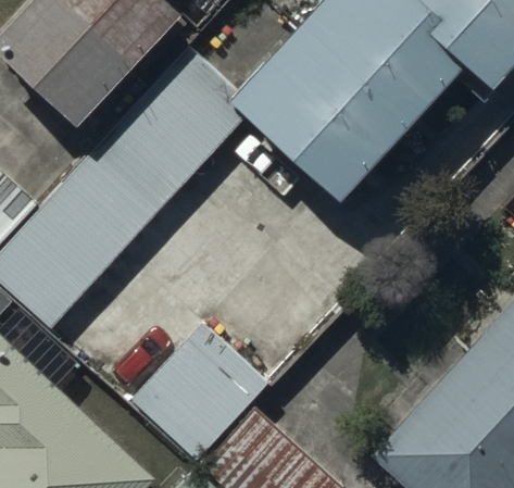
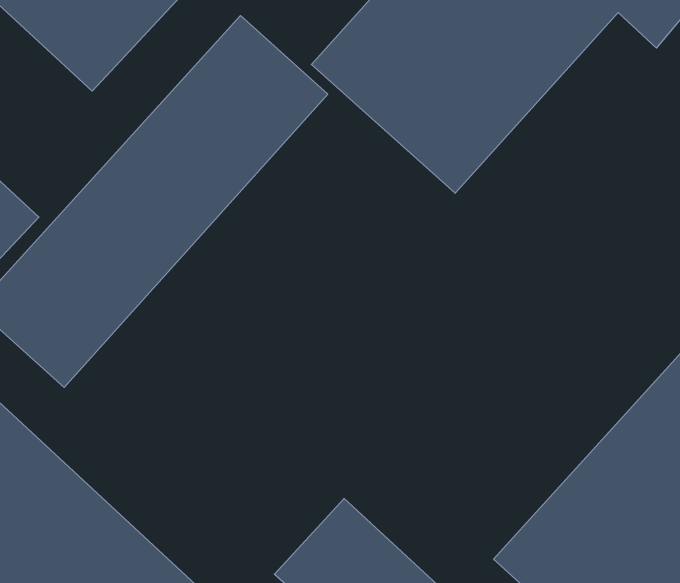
building: [134,330,271,468] -> none

